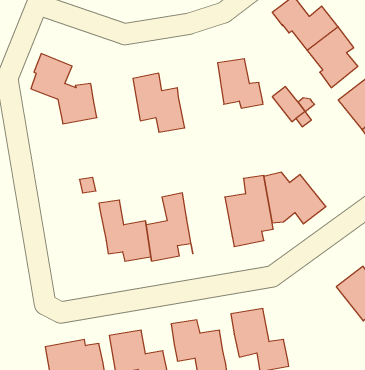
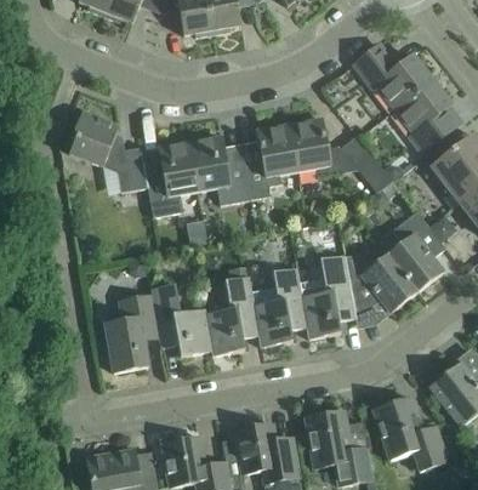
building: none -> [243,122,296,198]
building: none -> [143,141,198,216]
building: none -> [386,210,444,291]
building: none -> [252,267,306,347]
building: none -> [104,295,158,371]
building: none -> [371,397,448,469]

